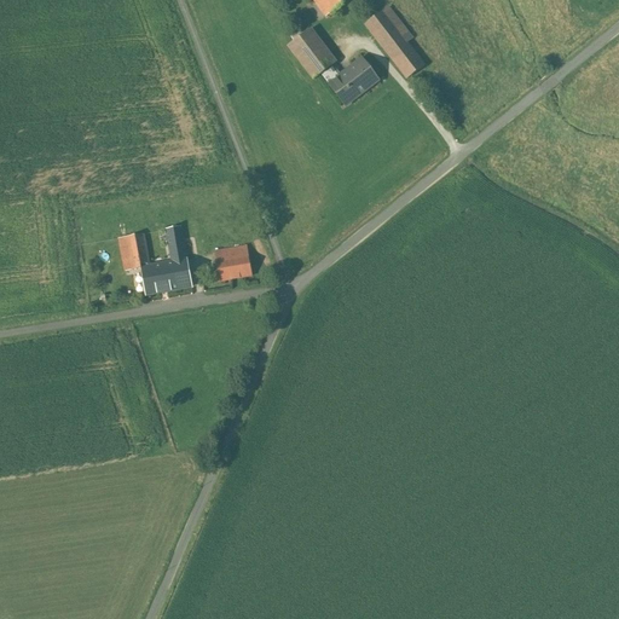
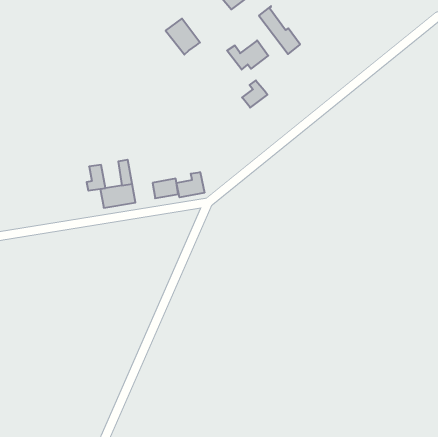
building: [288,27,336,77] -> [166,19,200,55]
building: none -> [242,80,267,108]
building: none -> [176,172,204,197]

